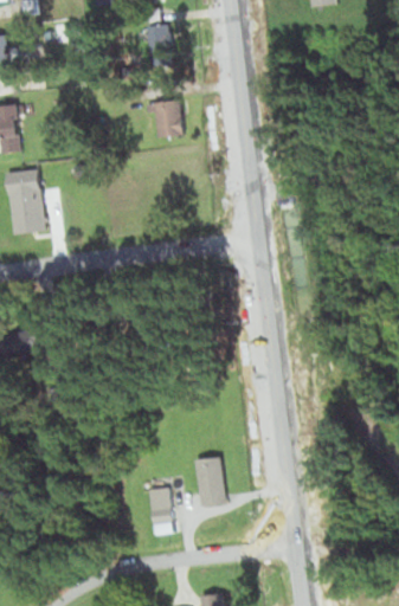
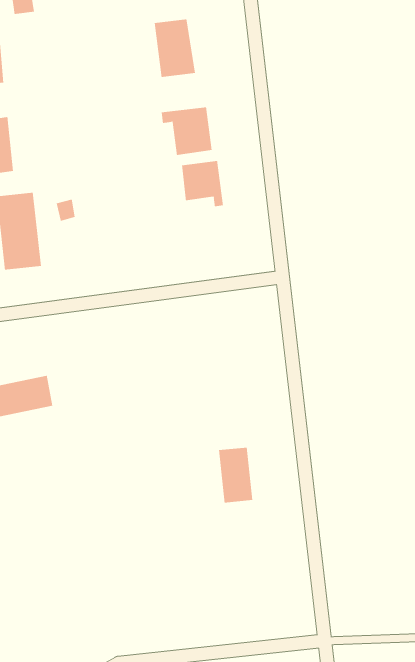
building: none -> [181,160,224,207]
building: [194,458,224,505] -> [218,447,253,503]
building: [146,483,175,535] -> none

